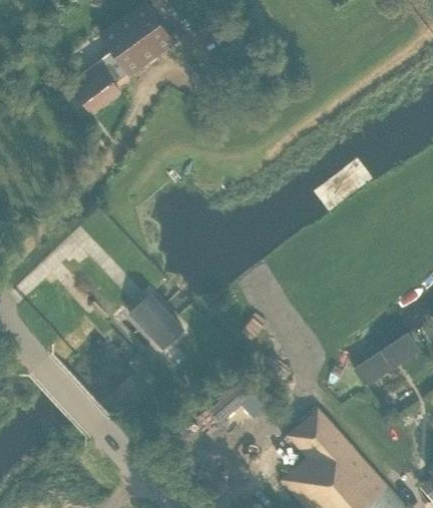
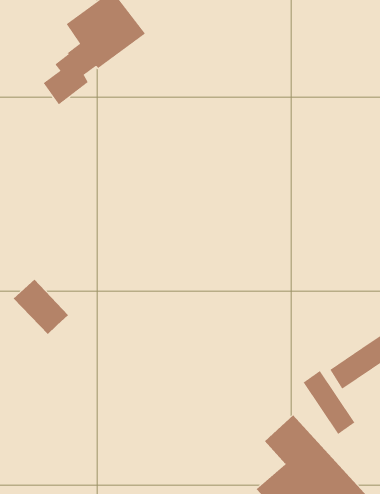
building: [129,296,183,350] -> [13,279,69,335]
building: none -> [303,370,355,435]

